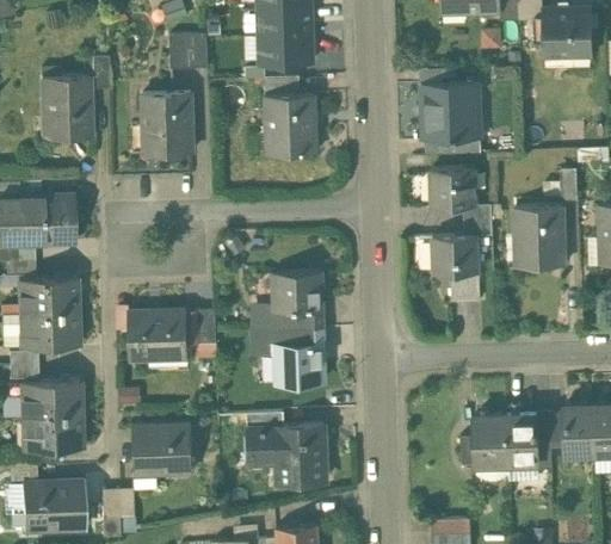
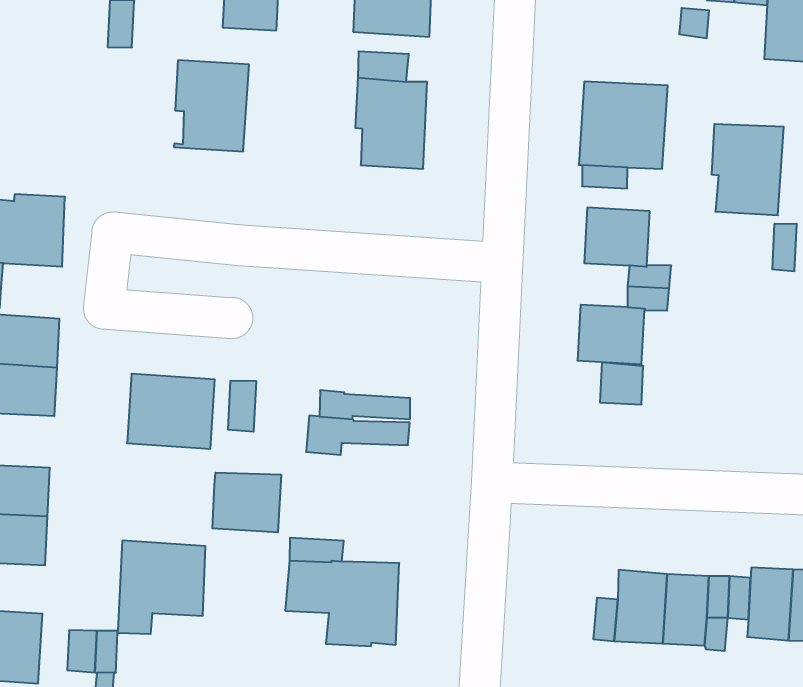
building: [41,78,91,138] -> none
building: [514,206,563,268] -> [712,124,784,215]
building: [274,272,321,313] -> none
building: [277,344,323,384] -> [212,473,281,532]

